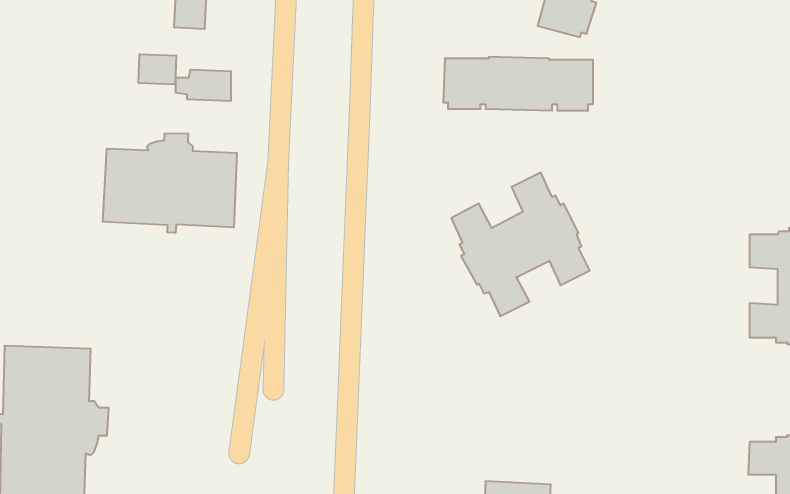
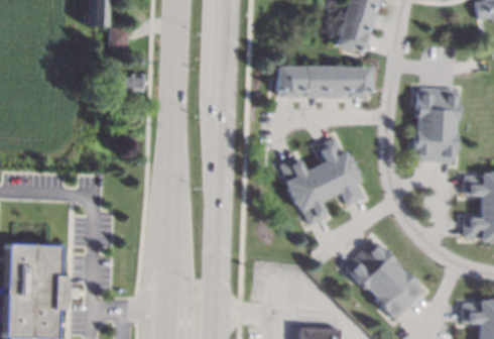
building: [139,54,176,84] -> none
building: none -> [415,88,461,163]
building: [103,133,237,233] -> none
building: none -> [348,241,425,319]

